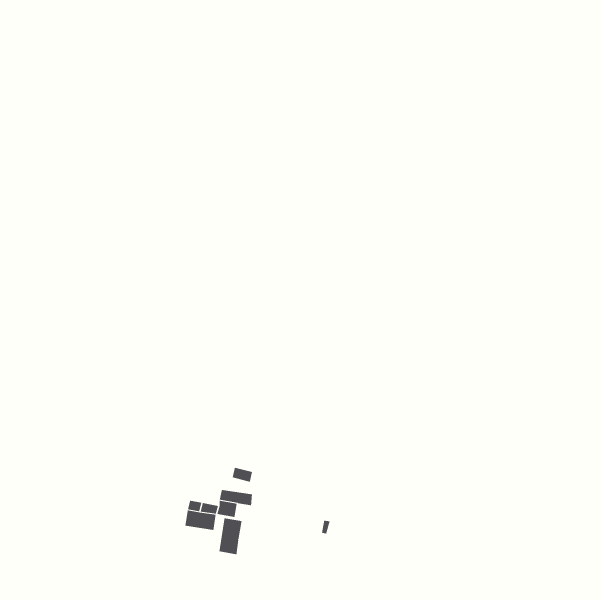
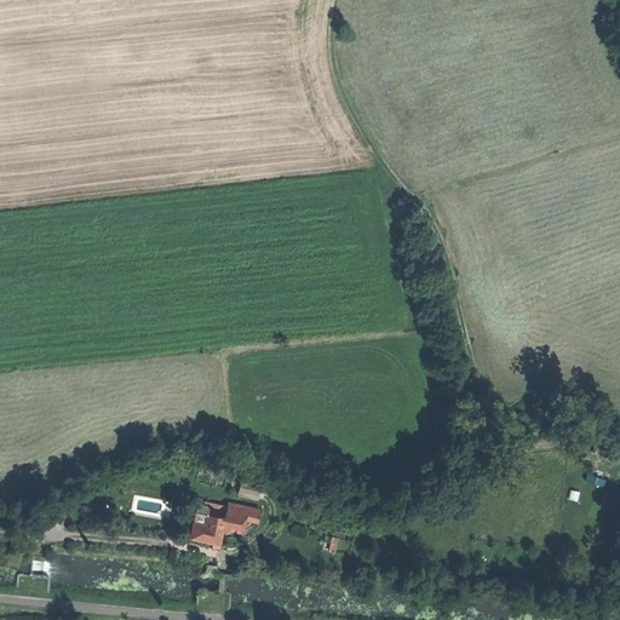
building: [219,517,242,555] -> none

